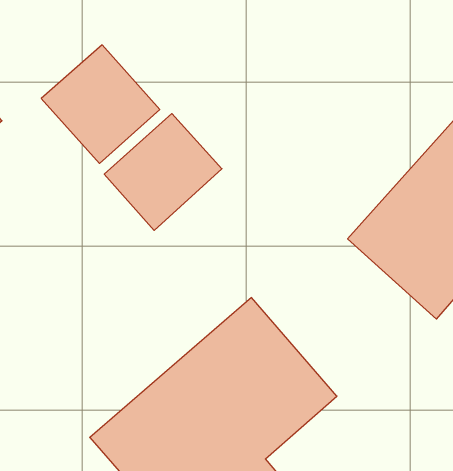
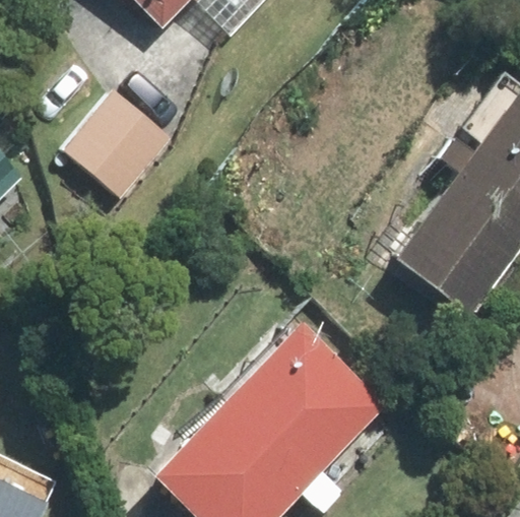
building: [104,114,222,230] -> none

